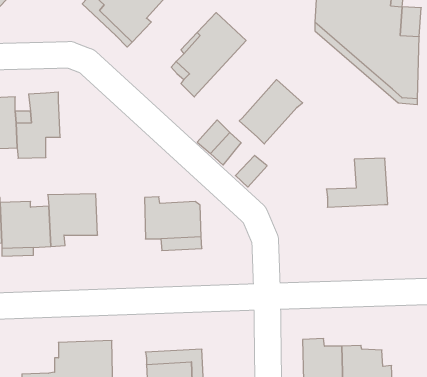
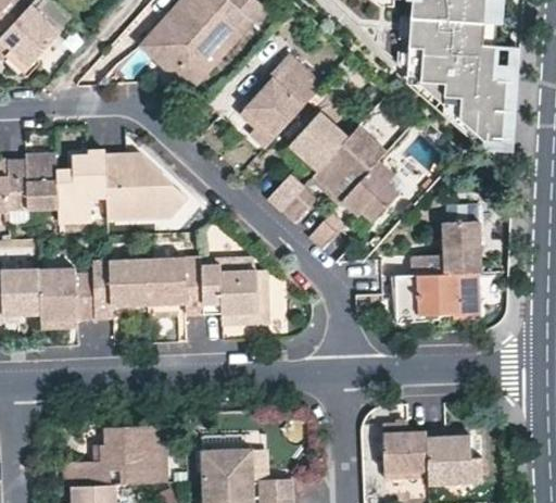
building: none -> [286,114,345,174]
building: none -> [106,152,190,218]
building: none -> [340,162,399,223]
building: none -> [149,257,205,312]
building: none -> [392,272,479,324]

